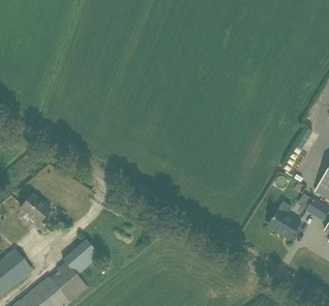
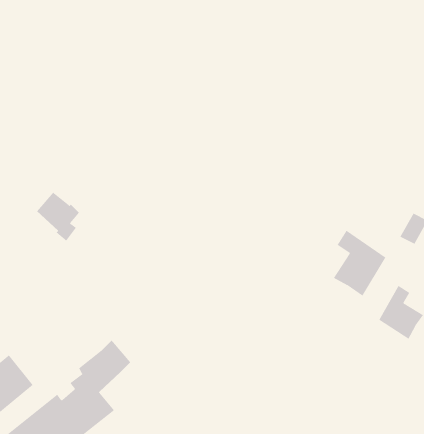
building: none -> [333,230,386,297]
building: [21,194,51,228] -> [36,192,80,241]

